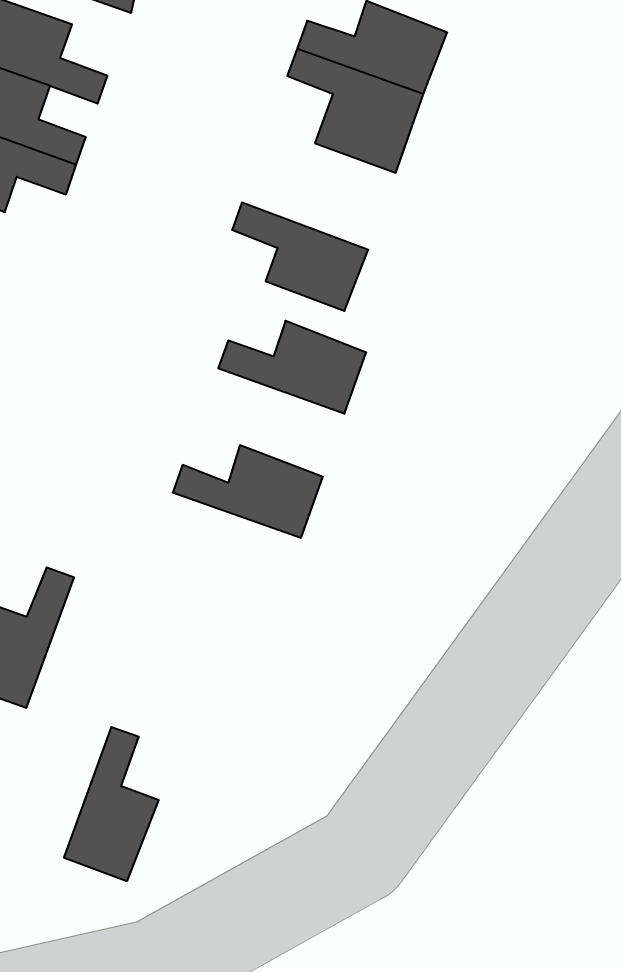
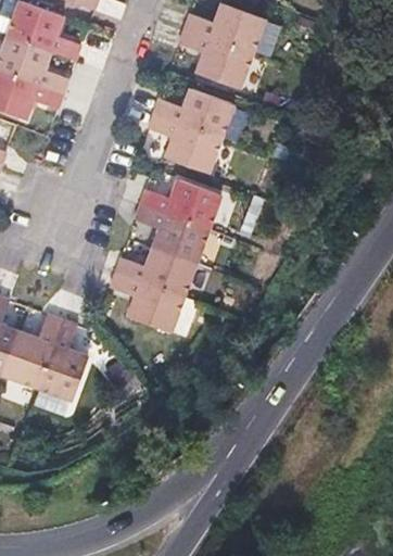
building: none -> [153,80,238,139]
building: none -> [135,204,210,264]
building: none -> [110,273,186,332]
building: [64,727,159,881] -> [35,319,87,404]

